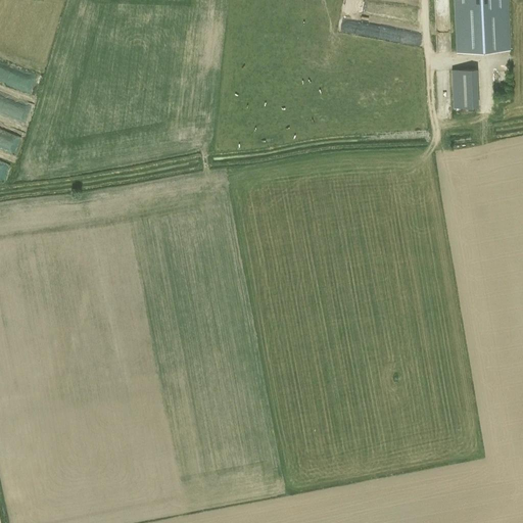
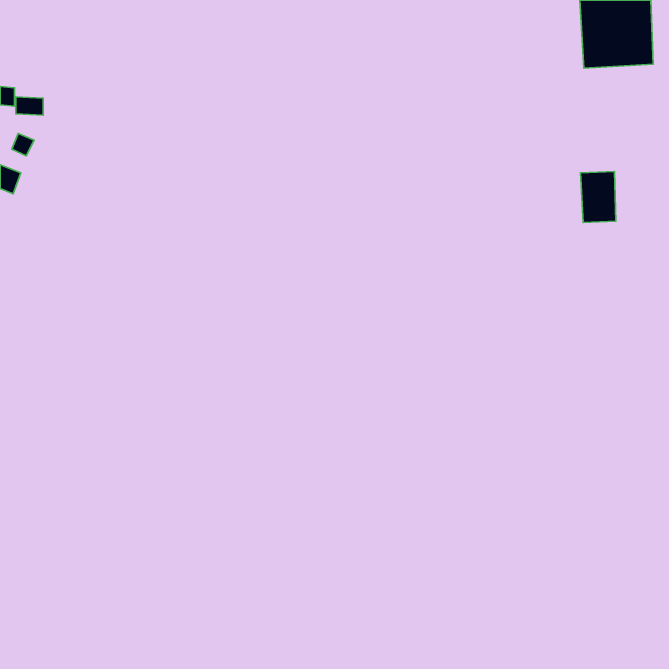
building: [450,68,478,108] -> [580,172,616,223]

